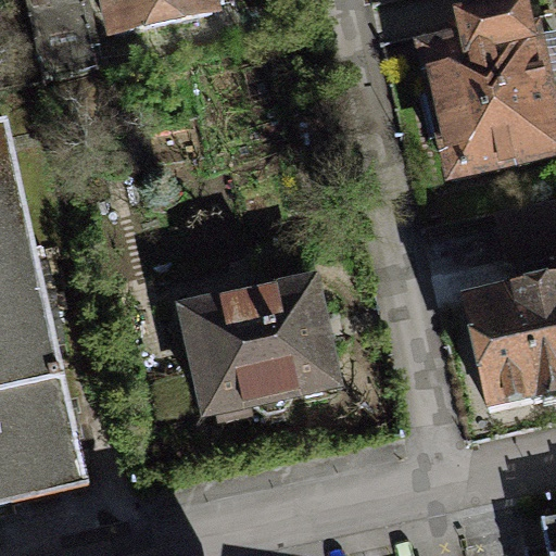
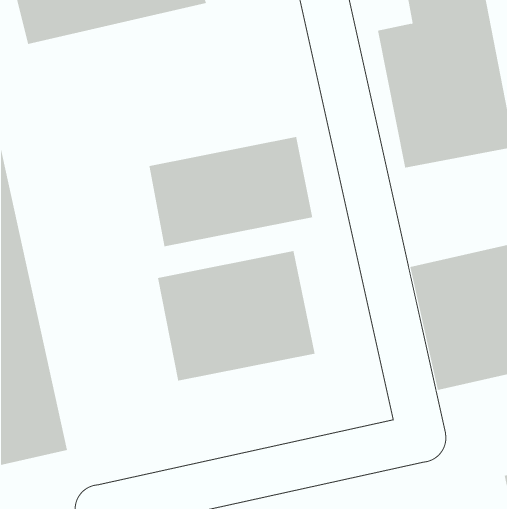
building: none -> [149,136,313,247]

